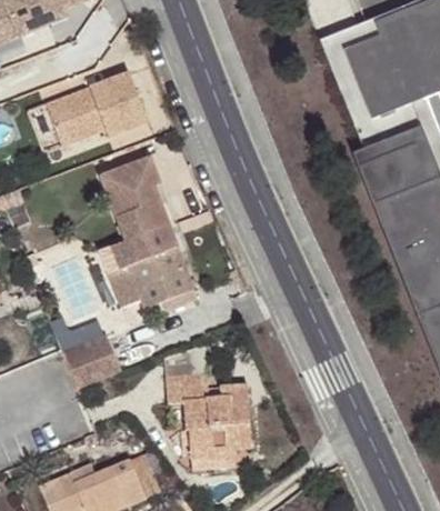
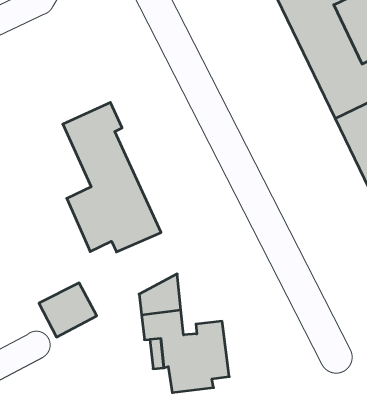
building: [46,70,149,143] -> none

